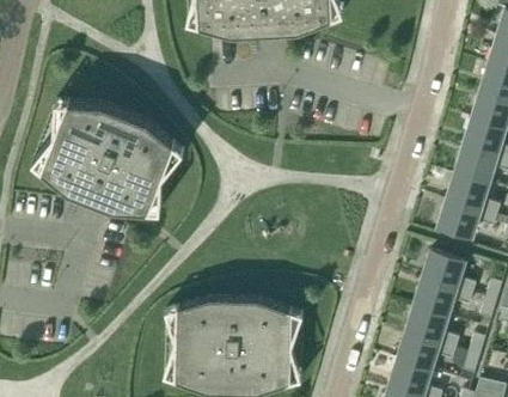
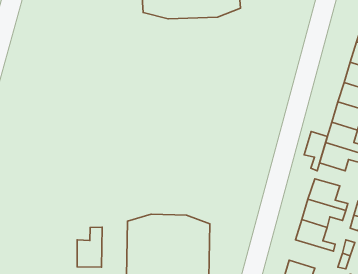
building: [43,103,173,212] -> none
building: none -> [304,131,327,171]
building: none -> [77,227,102,267]
building: [397,332,457,371] -> none

